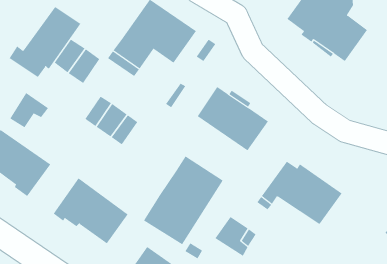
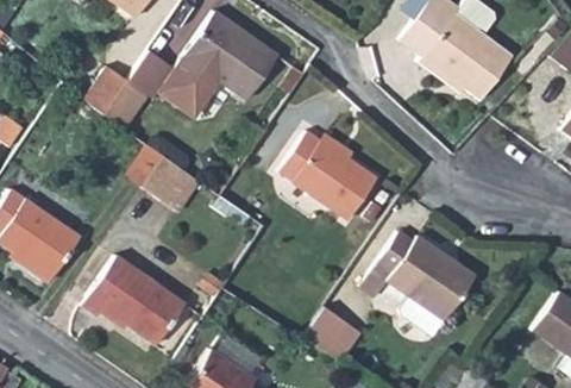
building: [9,6,81,78] -> none
building: none -> [128,50,176,99]
building: [9,92,49,128] -> none
building: [143,155,224,245] -> none

